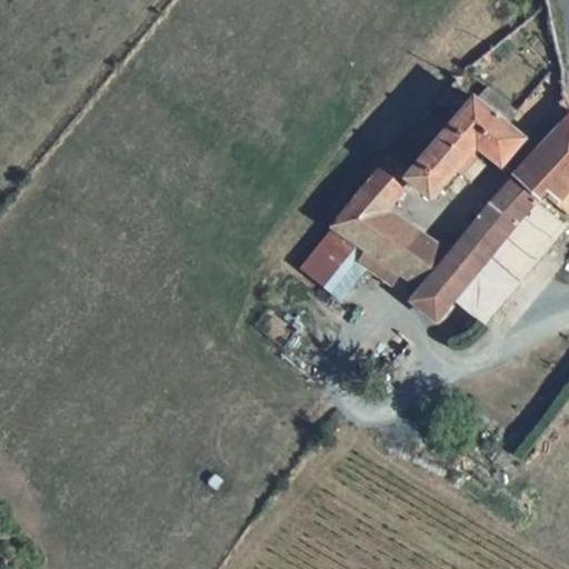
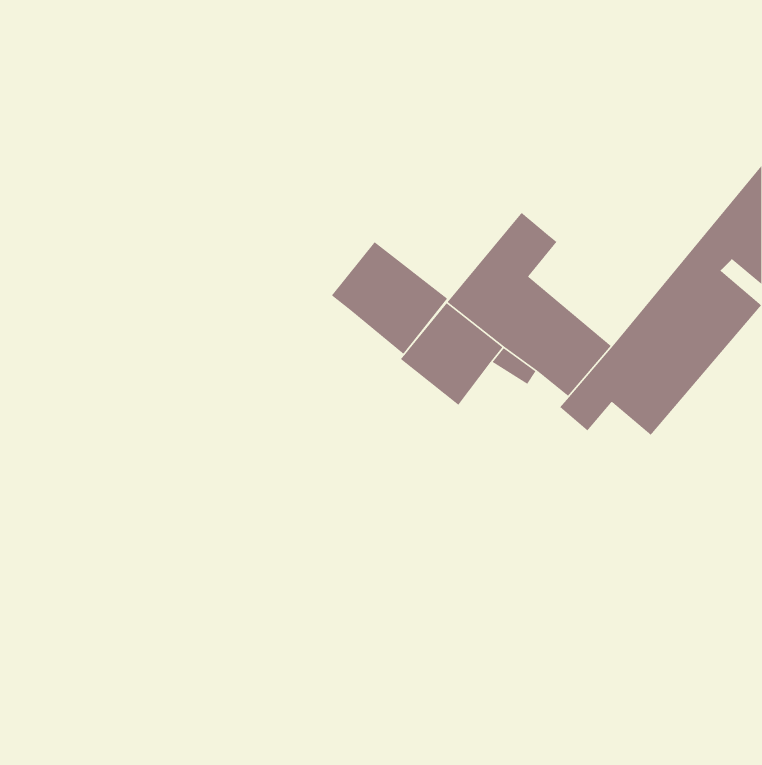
building: [406,96,521,194] -> none
building: none -> [331,241,448,355]

